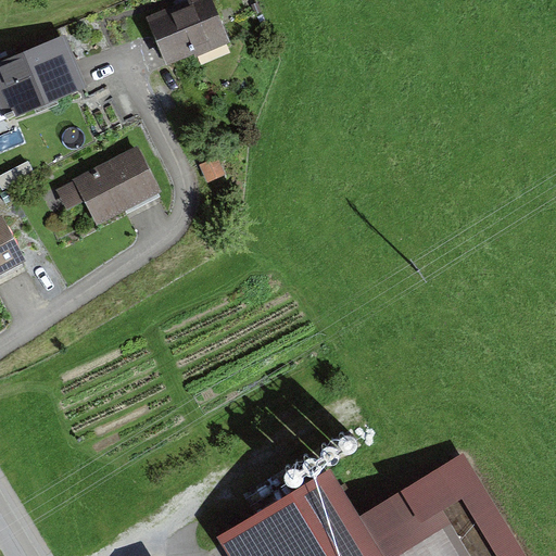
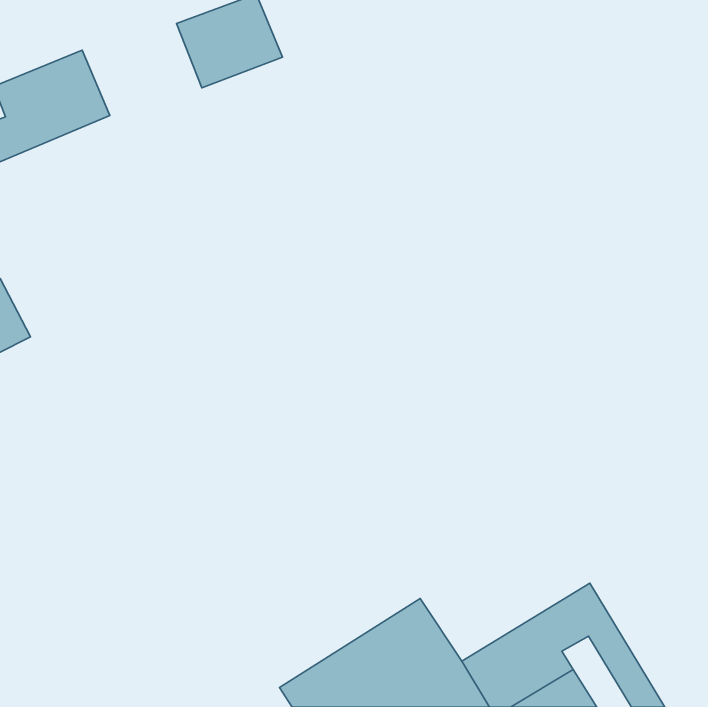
building: [50,152,159,236] -> none

